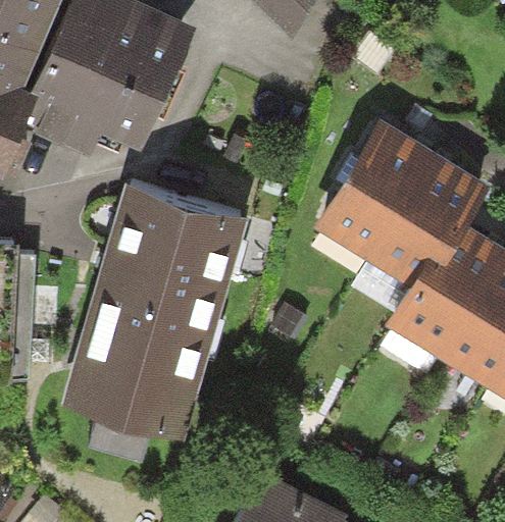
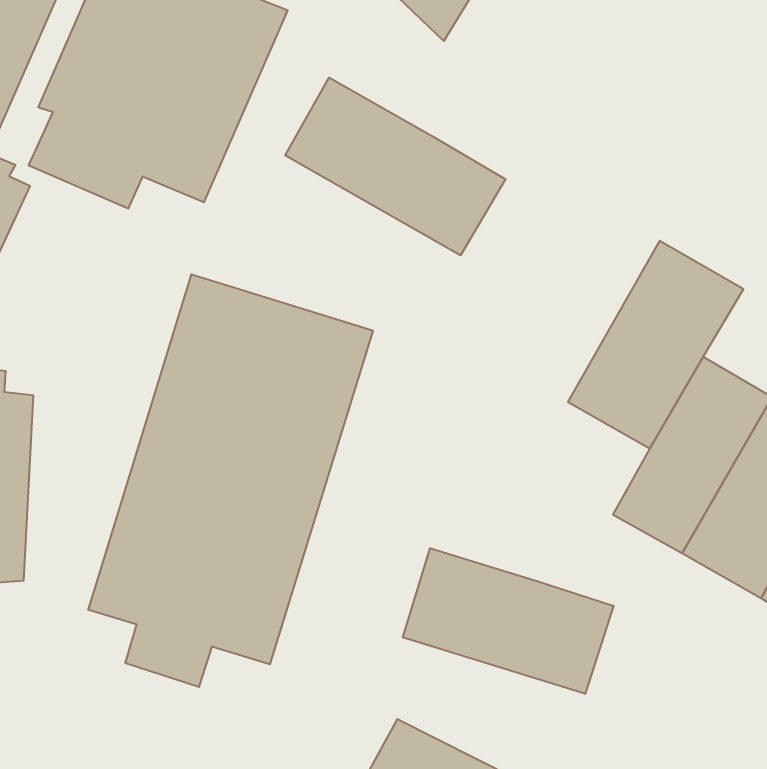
building: none -> [285,78,505,255]
building: [320,133,428,263] -> none
building: none -> [403,548,614,694]

